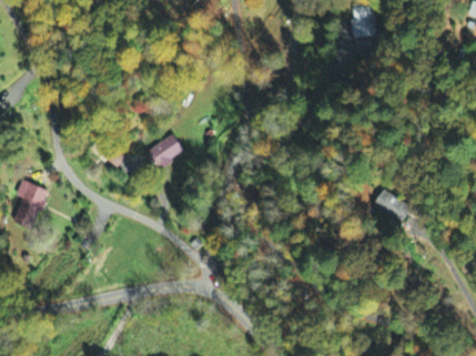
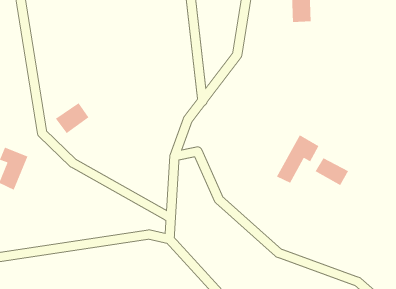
building: [144,133,184,170] -> [55,102,90,134]
building: none -> [276,134,320,184]

